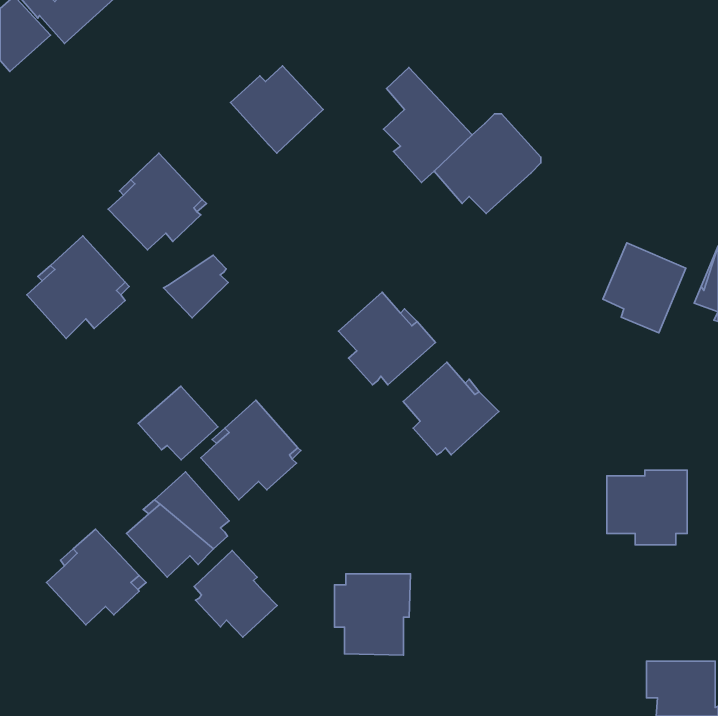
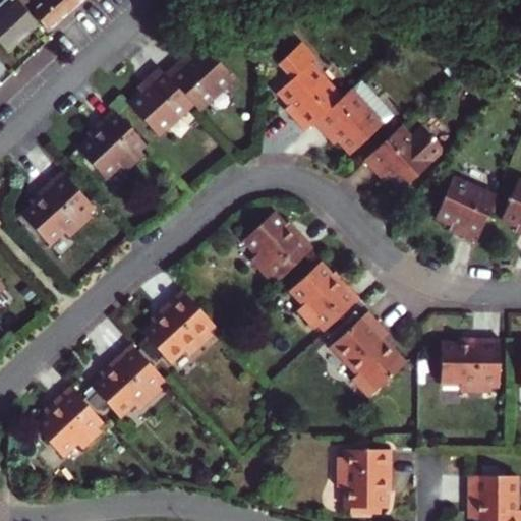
building: none -> [130,68,194,137]
building: none -> [364,126,446,192]
building: [164,255,228,318] -> none
building: [138,386,218,460] -> none
building: none -> [333,312,408,399]
building: [194,550,277,637] -> none
building: [335,574,410,655] -> [338,453,393,512]

